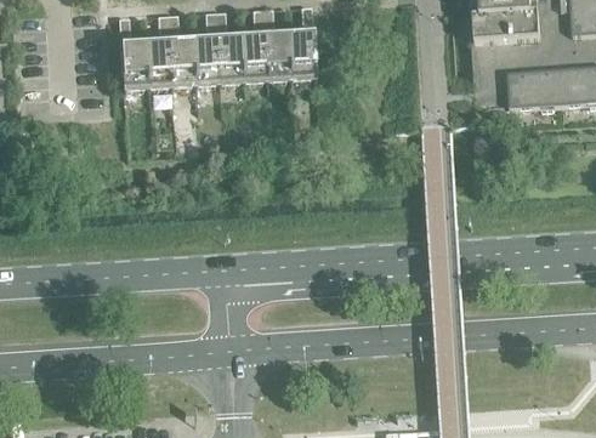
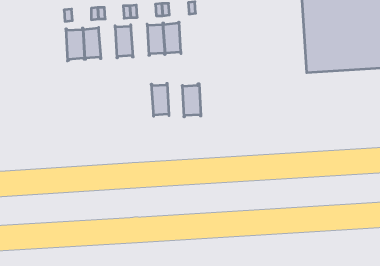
building: [289,33,317,81] -> [182,84,201,117]
building: [217,38,244,86] -> [151,83,169,116]
building: [170,40,197,89] -> none

